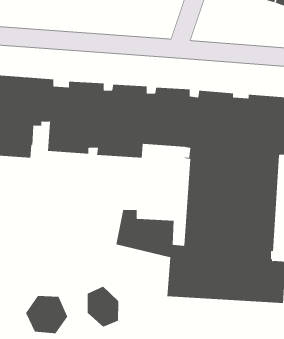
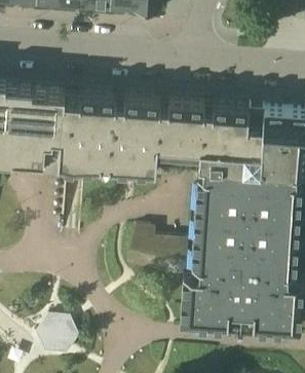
building: [87,286,119,328] -> none

